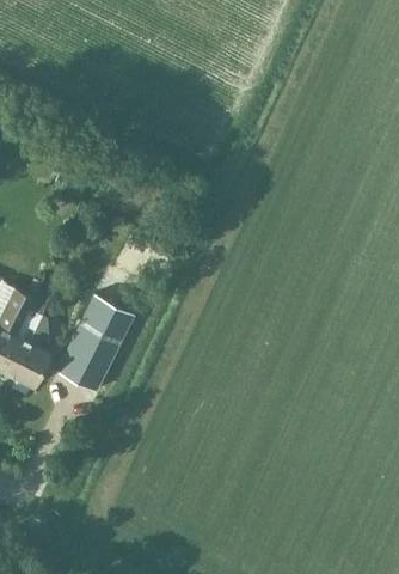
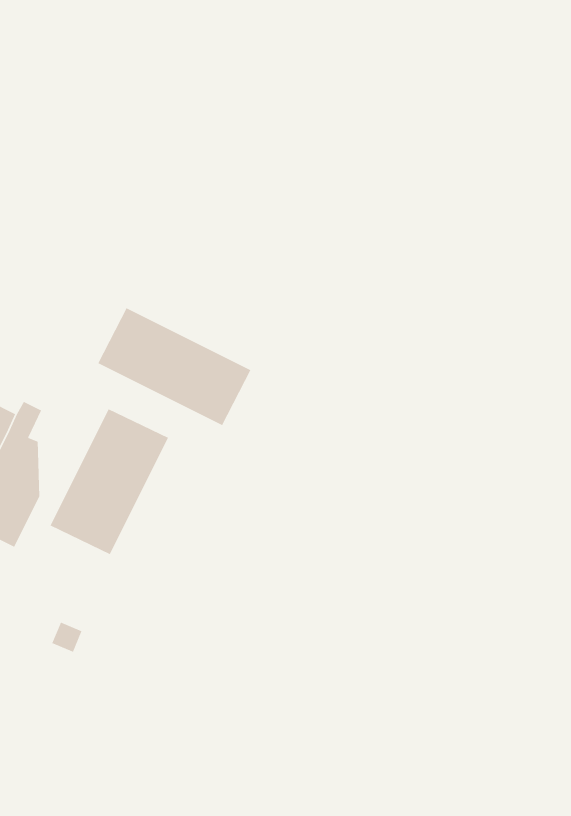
building: none -> [97,307,252,426]

